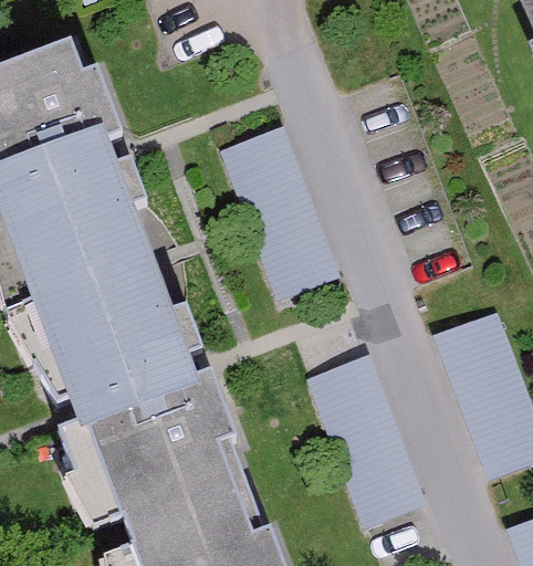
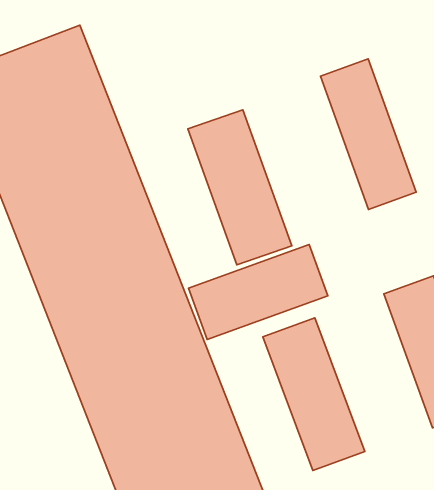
building: none -> [321,59,416,209]
building: none -> [188,245,328,339]

